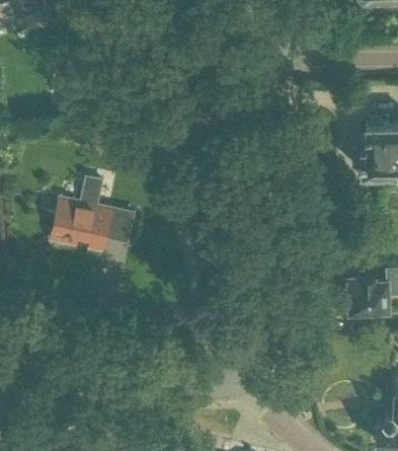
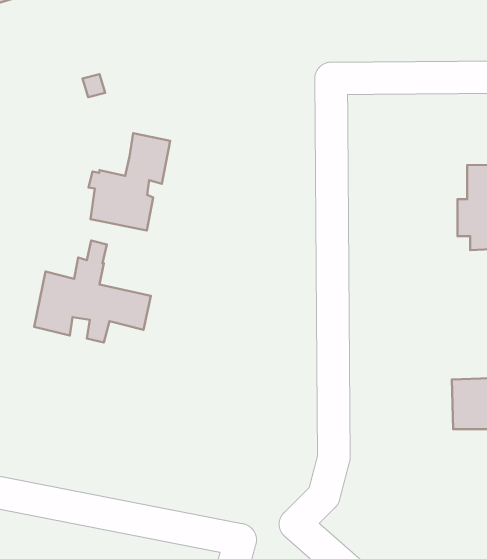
building: none -> [89,133,170,230]

